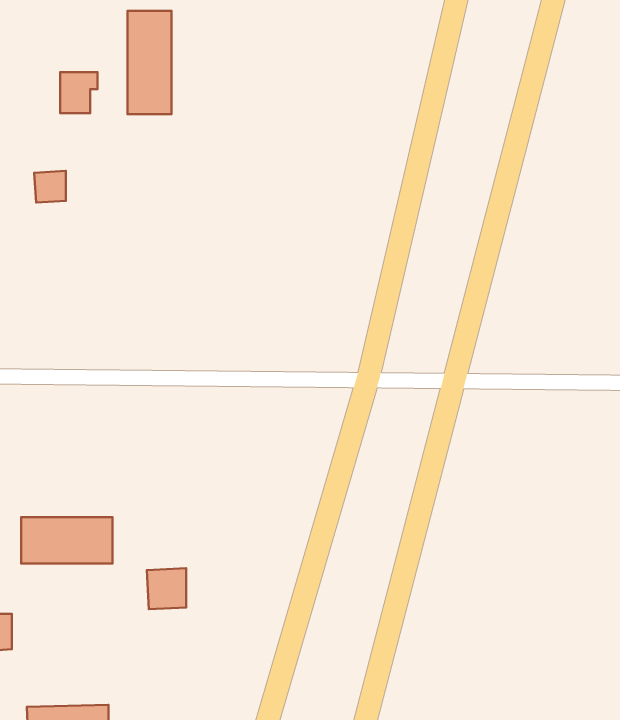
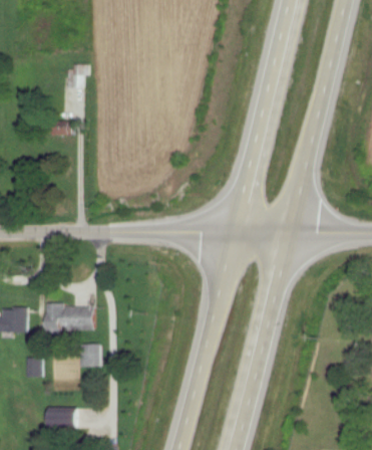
building: [127,11,172,114] -> none
building: [147,568,186,609] -> [78,345,99,367]

